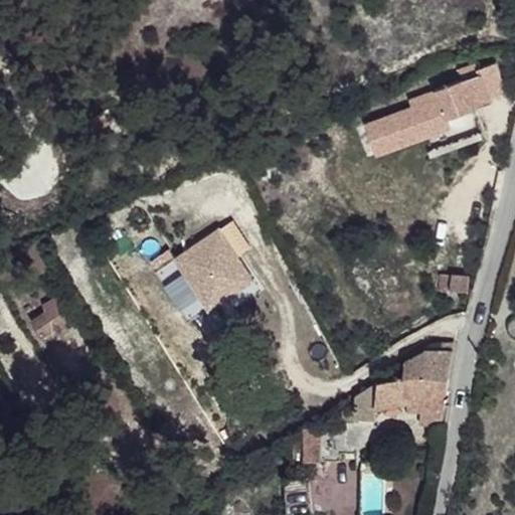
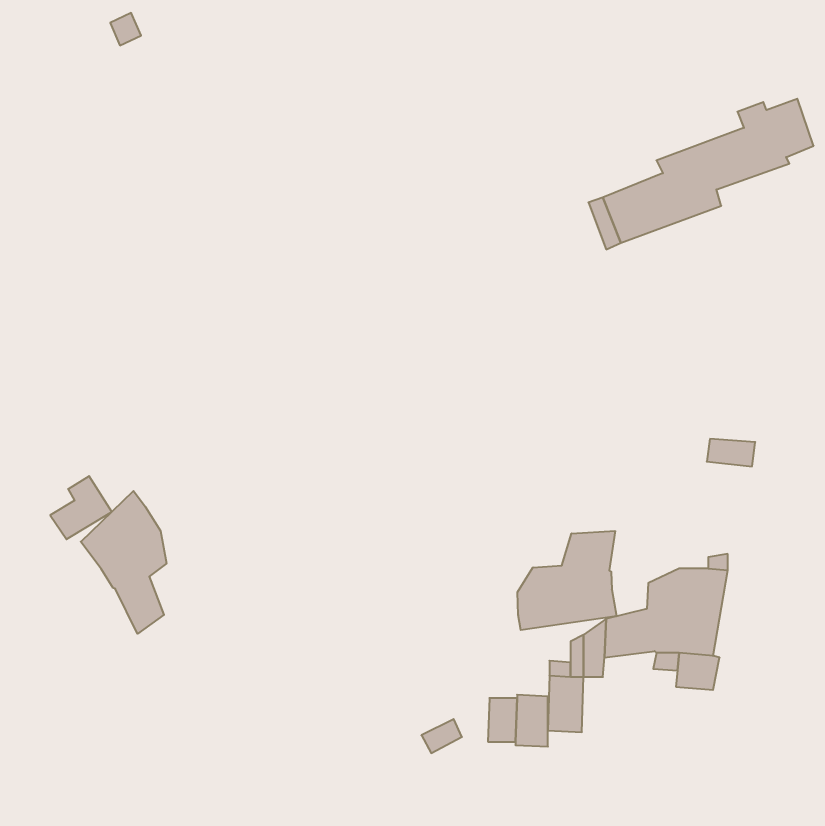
building: [155,229,251,322] -> none
building: none -> [81,491,167,634]
building: none -> [517,531,616,630]

